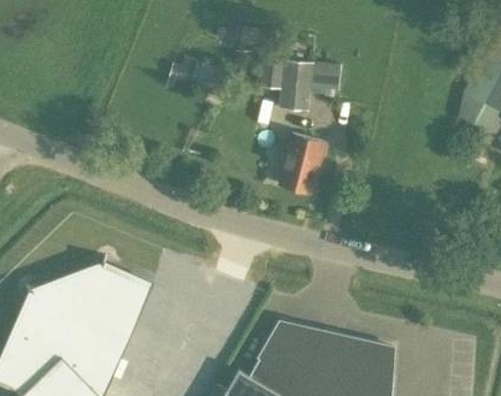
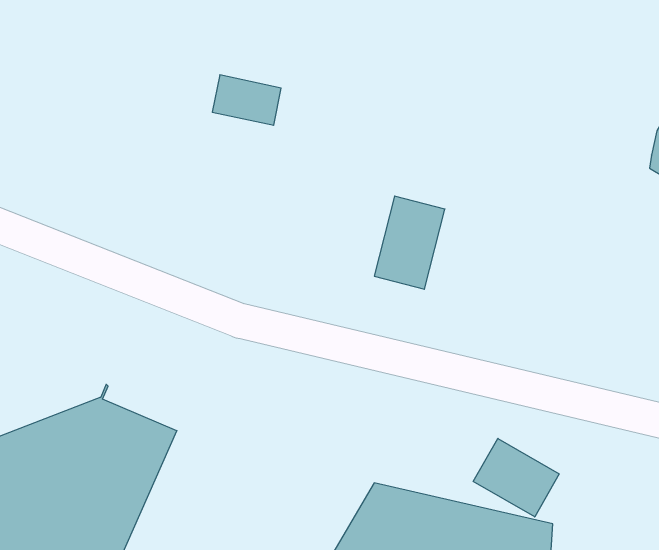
building: [258,59,340,112] -> none
building: none -> [473,438,559,517]

